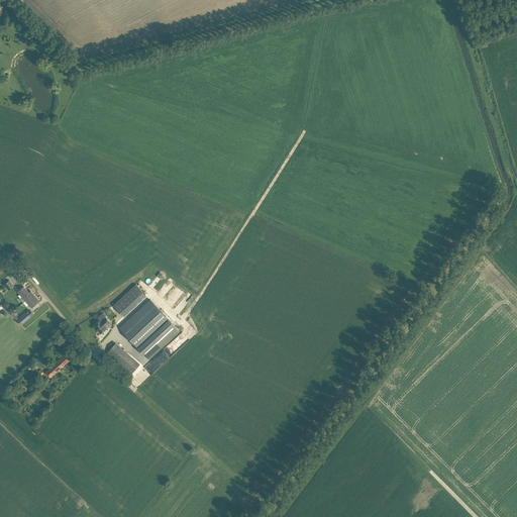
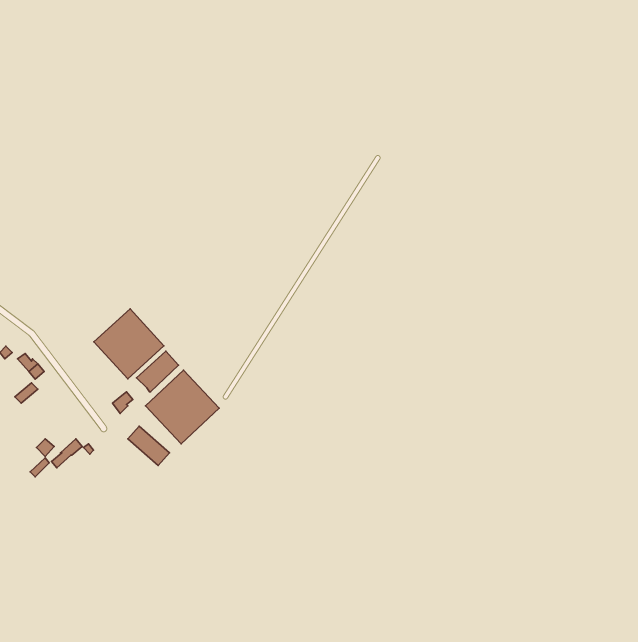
building: none -> [94,309,164,379]

